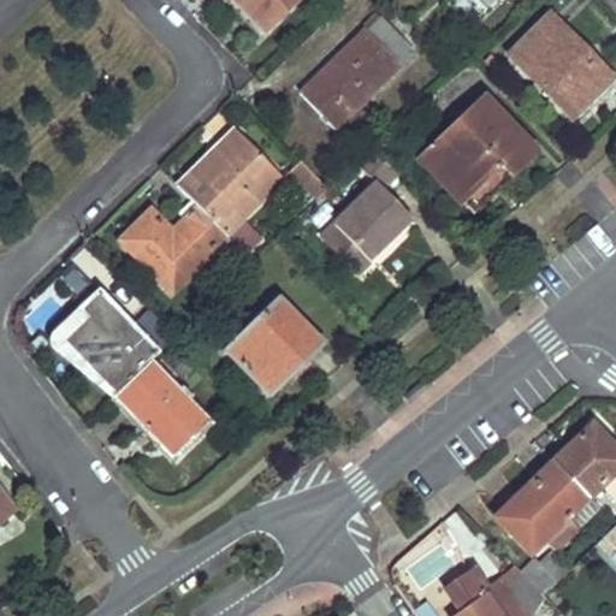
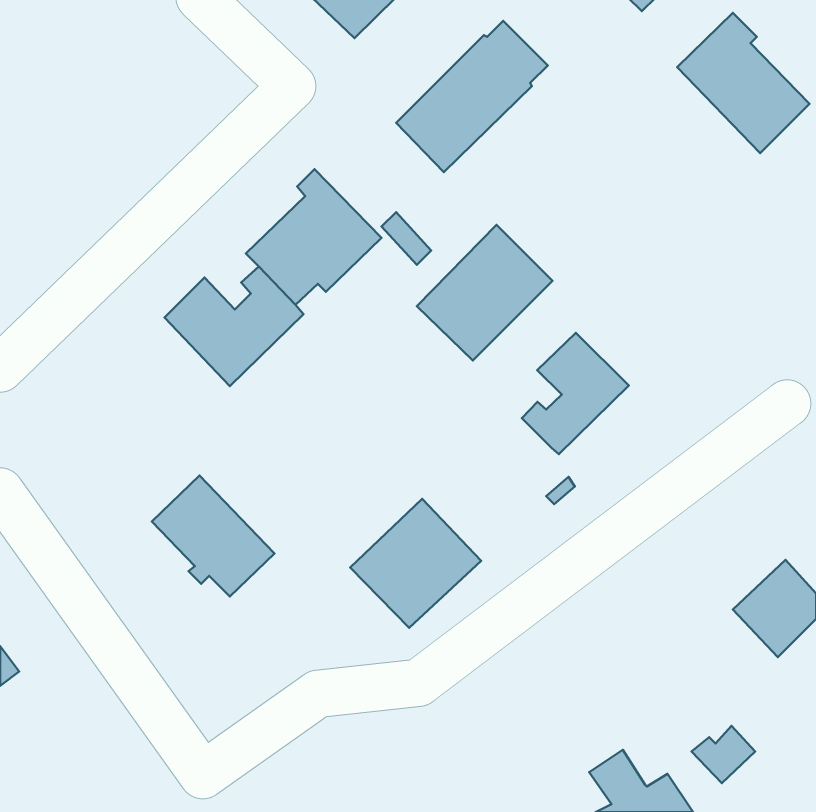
building: [417,93,538,203] -> none
building: none -> [522,333,629,454]
building: [63,289,160,393] -> none
building: [225,295,324,392] -> [350,499,481,628]
building: [494,460,597,551] -> none

